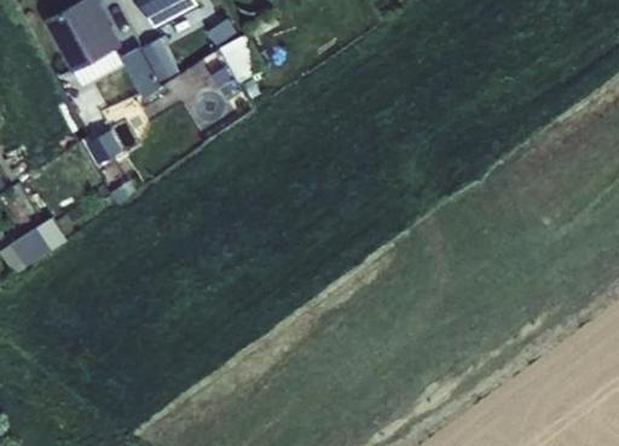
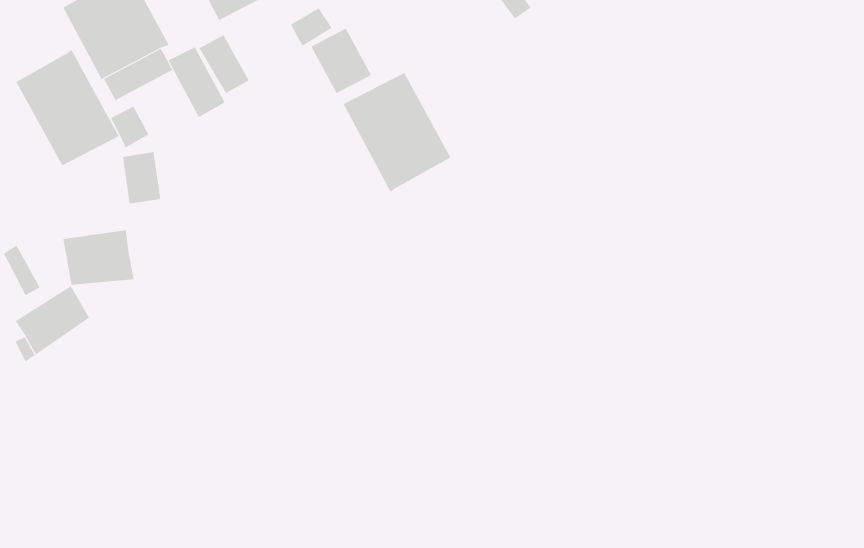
building: none -> [15,49,119,166]
building: none -> [343,72,452,193]
building: none -> [63,229,134,286]

